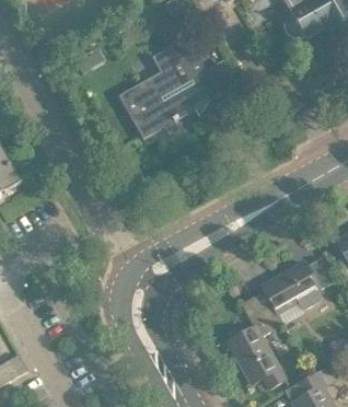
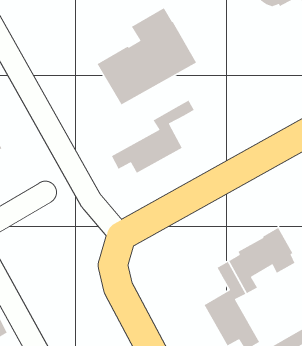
building: none -> [111,99,195,174]

